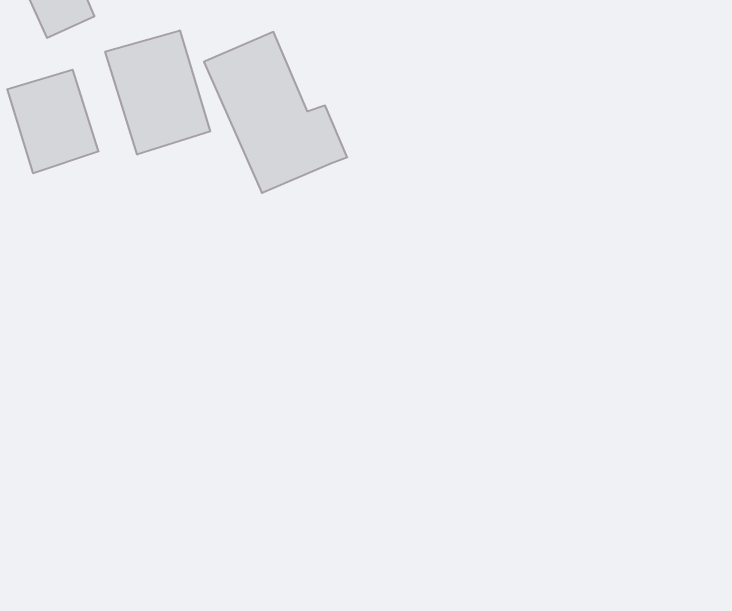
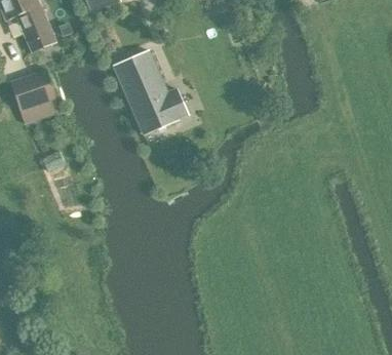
building: [105,30,210,155] -> none

